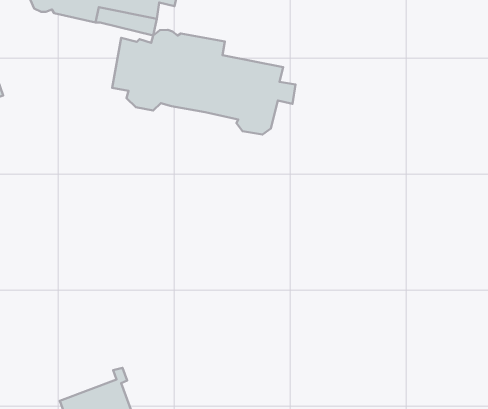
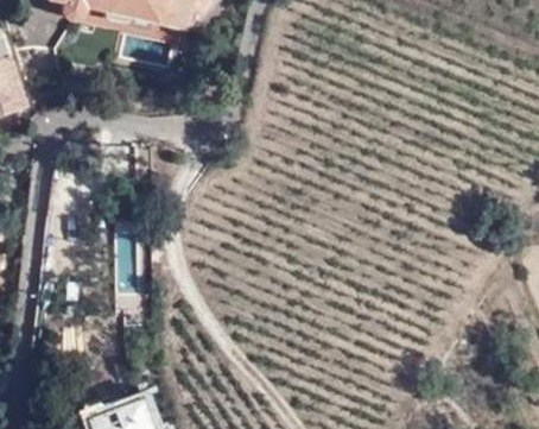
building: [112,30,296,134] -> none

